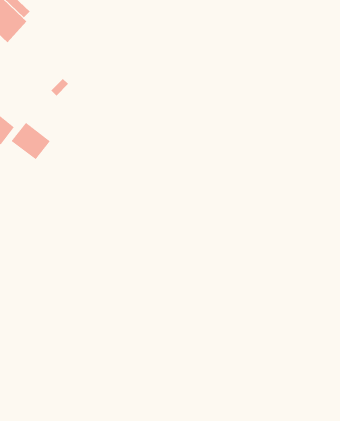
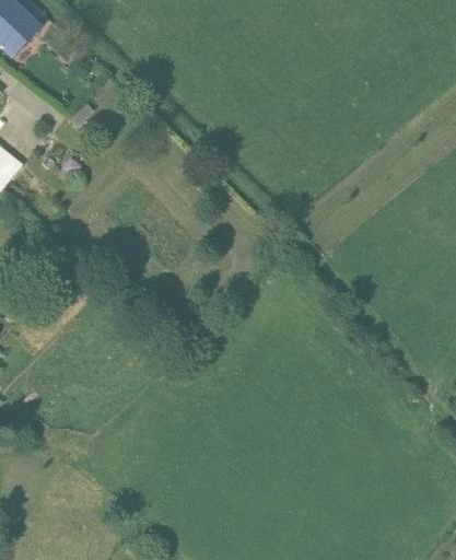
building: [10,122,51,160] -> none

